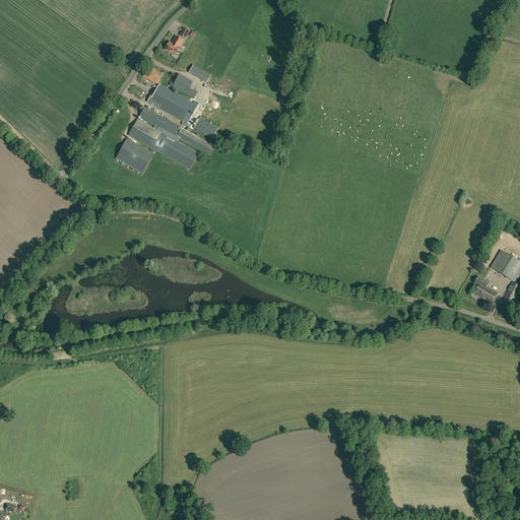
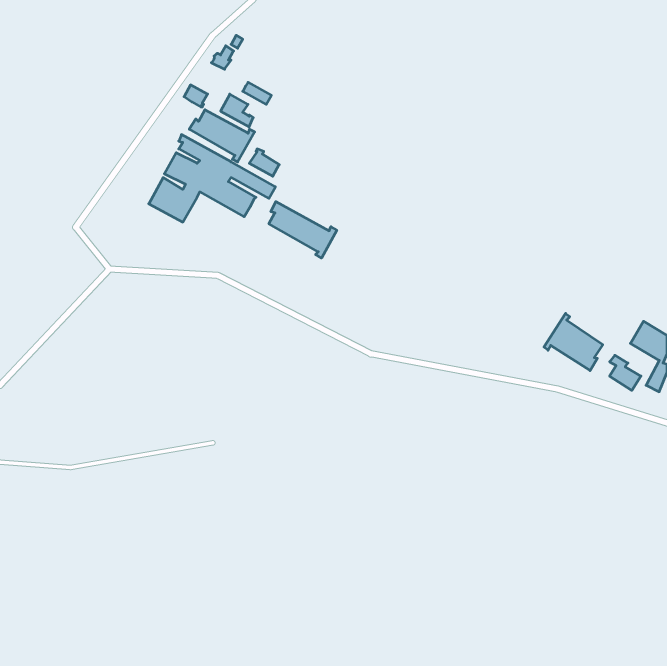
building: none -> [269,202,337,258]
building: none -> [544,313,603,371]

